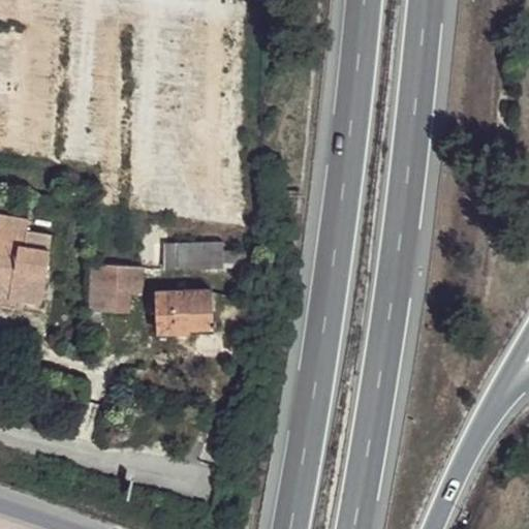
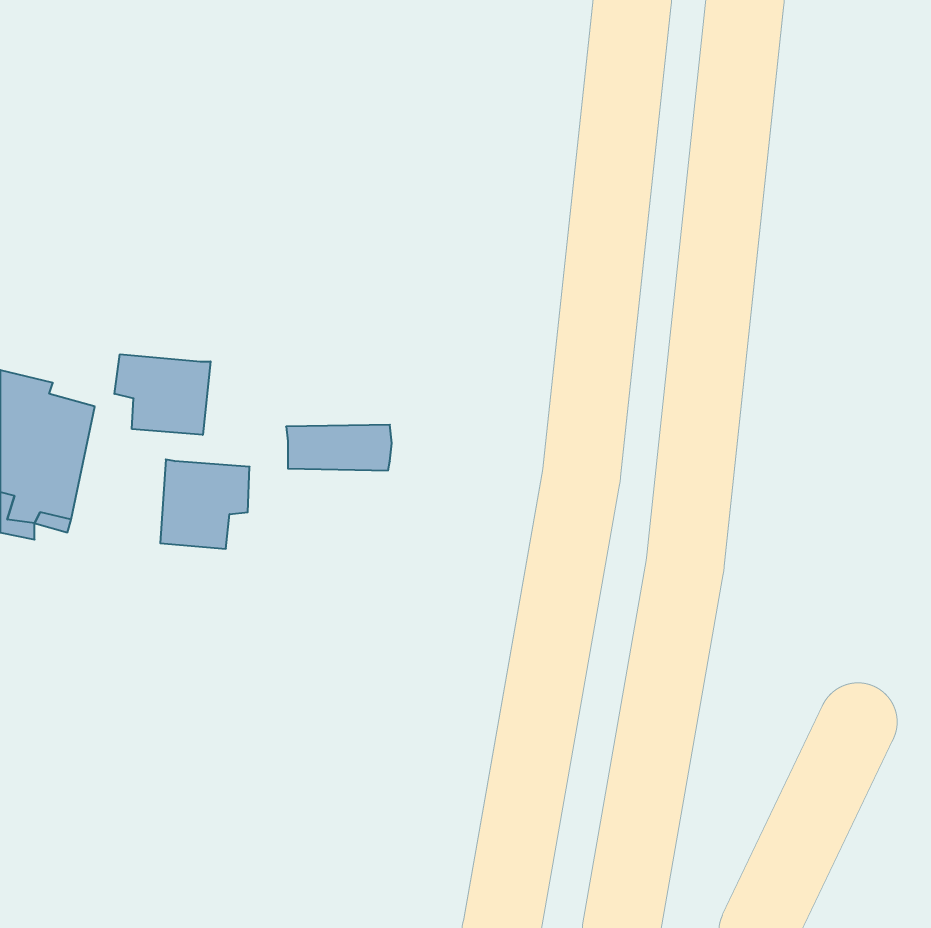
building: none -> [114,354,211,435]
building: [154,289,213,333] -> none

